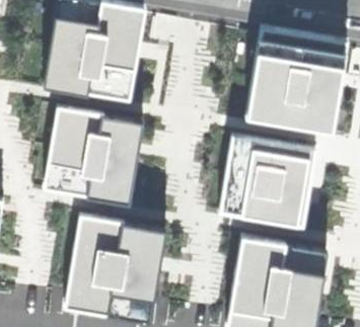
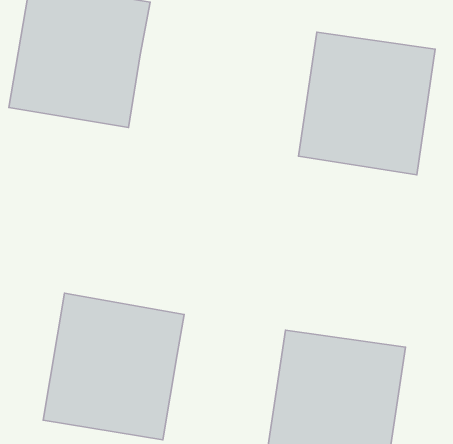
building: [44,104,144,209] -> none
building: [218,138,315,234] -> none

